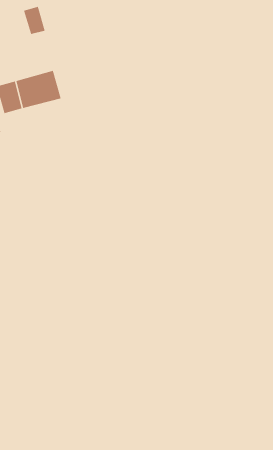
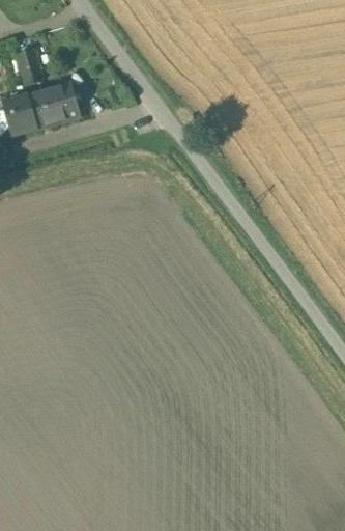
building: [23,6,46,34] -> [17,50,42,83]

